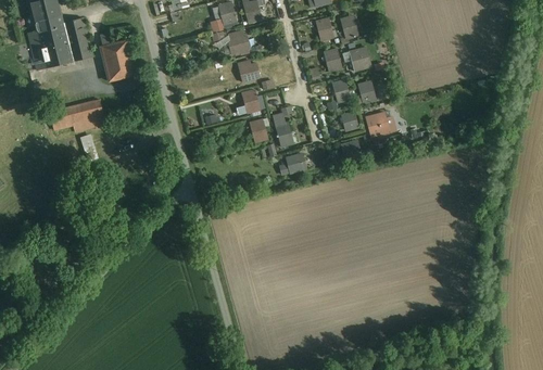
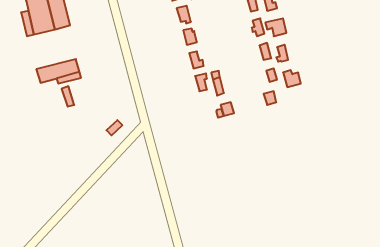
building: [101,40,136,81] -> none

